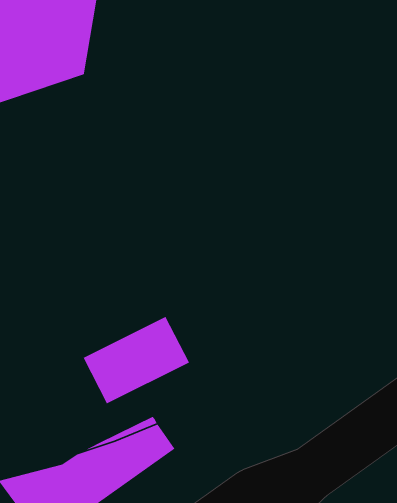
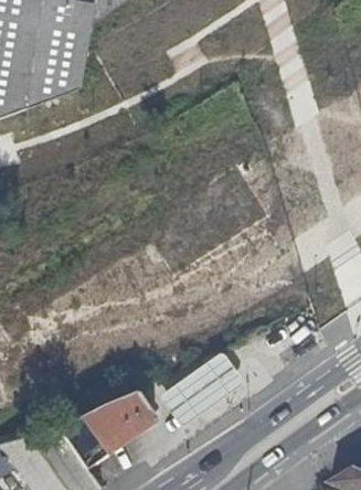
building: [83,316,190,404] -> [151,349,245,426]

